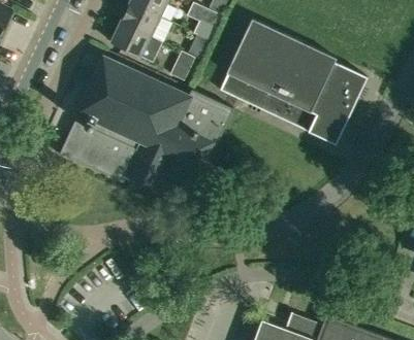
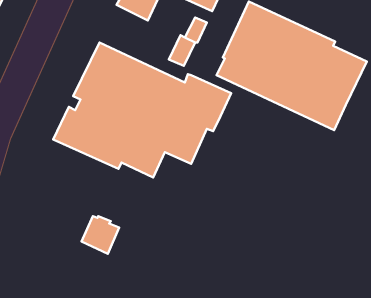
building: [112,21,162,62] -> none
building: none -> [81,216,119,254]

